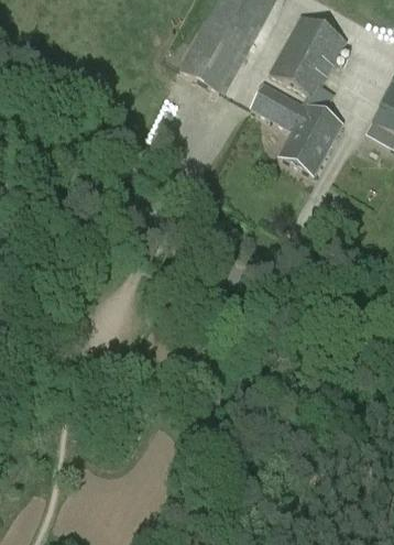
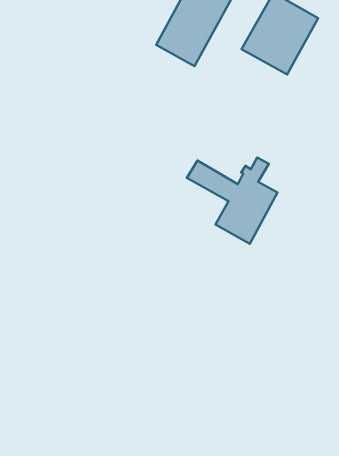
building: [250,85,343,174] -> [187,157,277,244]

